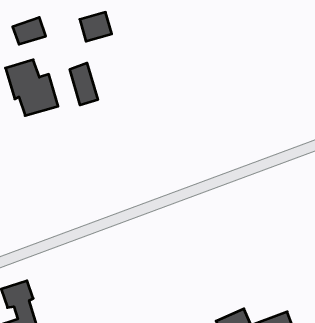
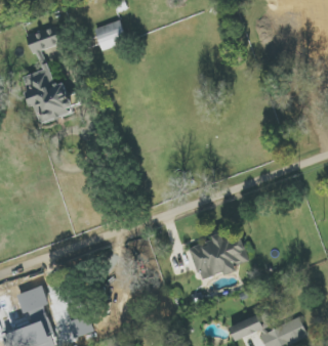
building: [70,63,98,105] -> none
building: none -> [189,235,248,280]

